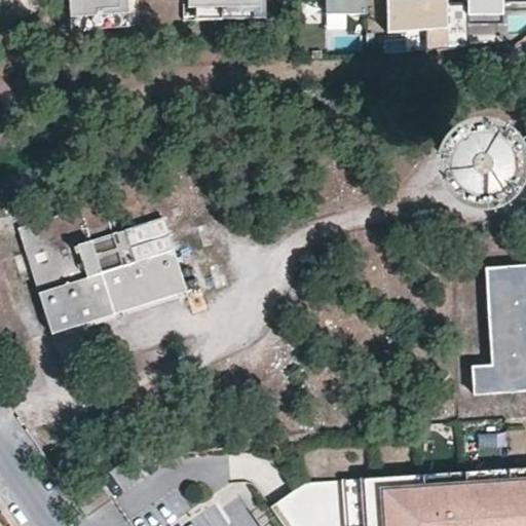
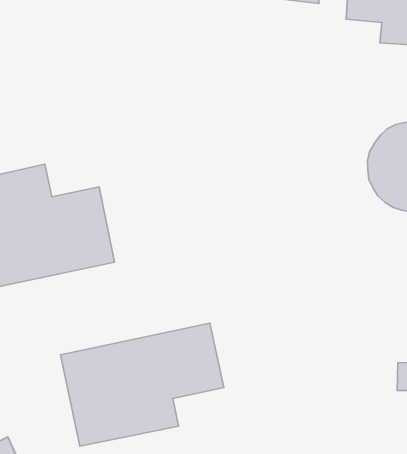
building: none -> [61,323,224,446]

